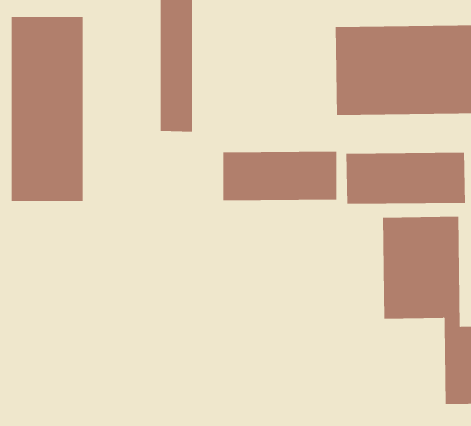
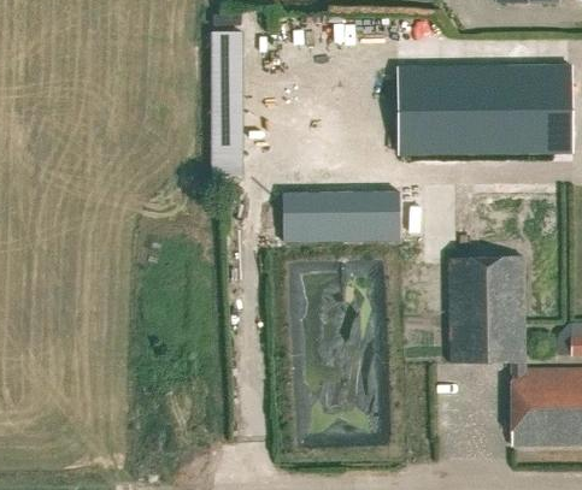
building: [11,16,83,202] -> none
building: [346,152,466,205] -> none

